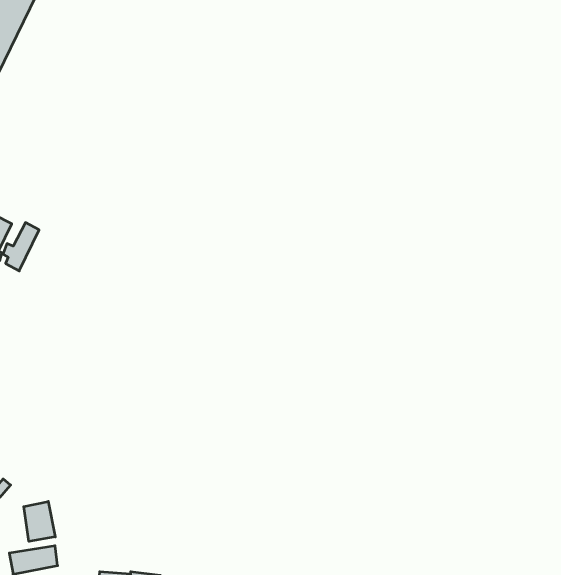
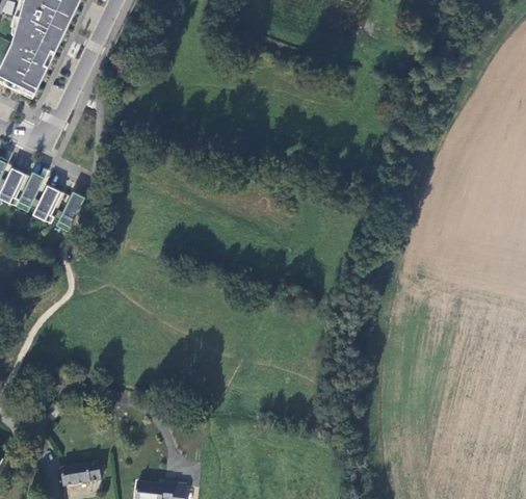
building: [24,501,55,541] -> none

